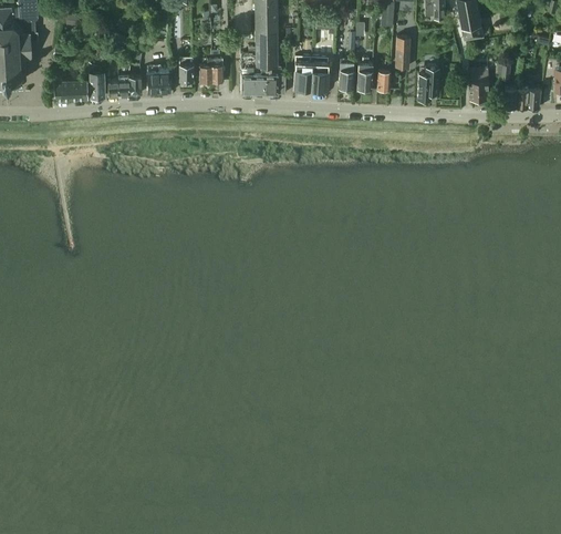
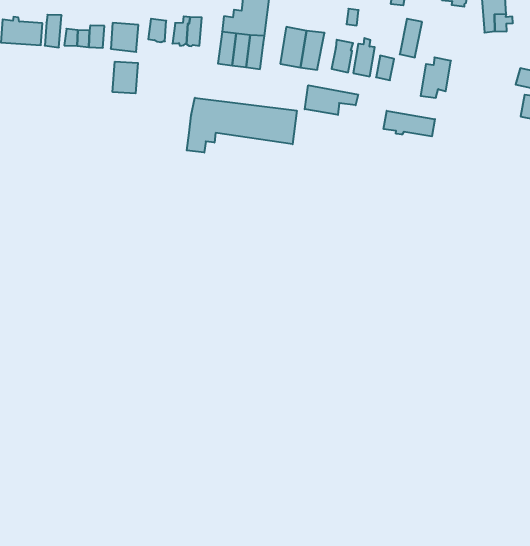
building: [469,68,488,102] -> none
building: none -> [113,62,138,93]
building: none -> [305,85,358,115]
building: none -> [384,111,435,136]
building: none -> [187,98,297,153]

